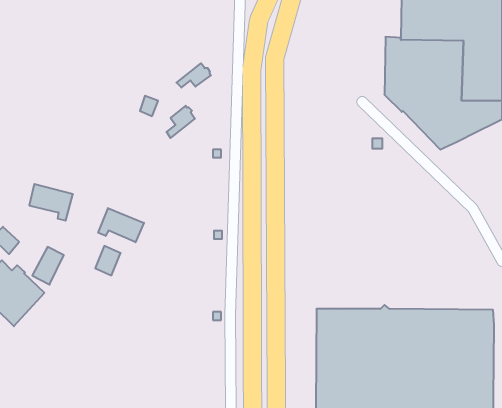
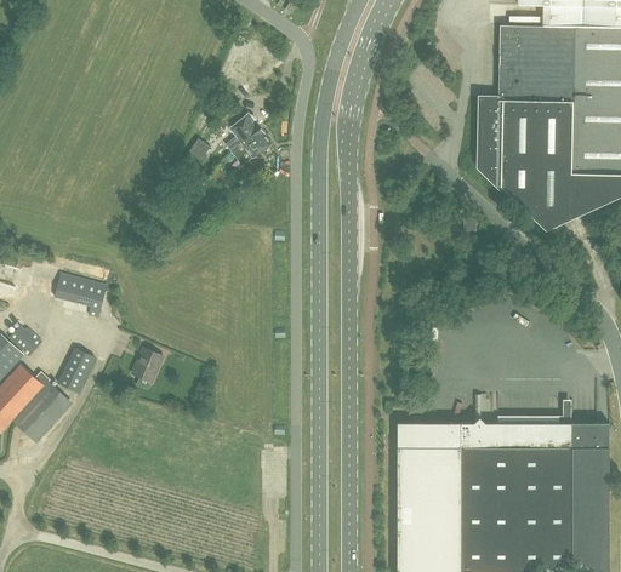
building: [166,106,195,138] -> [226,113,260,151]
building: [98,208,144,242] -> none

